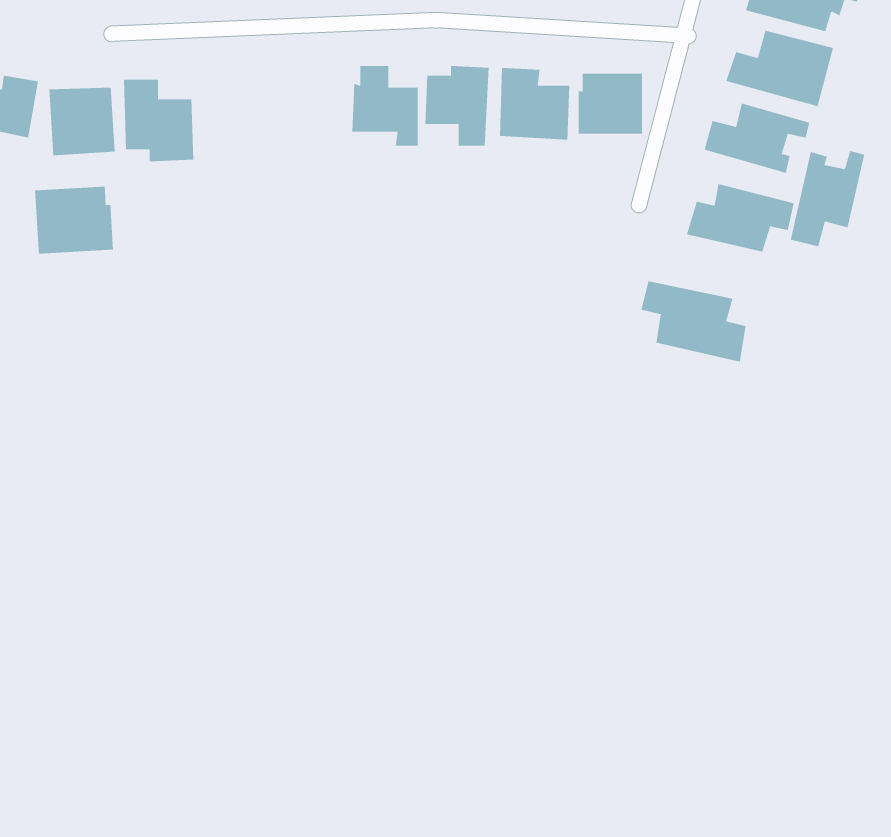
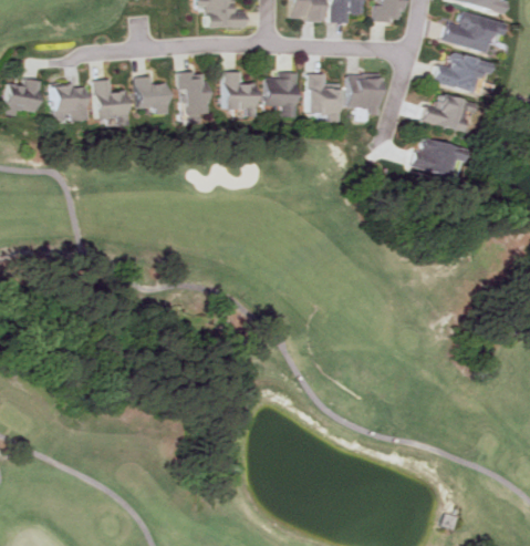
building: none -> [176,71,211,123]
building: none -> [134,76,172,112]
building: [790,150,865,247] -> none
building: [35,186,113,254] -> none
building: [641,281,746,363] -> none

